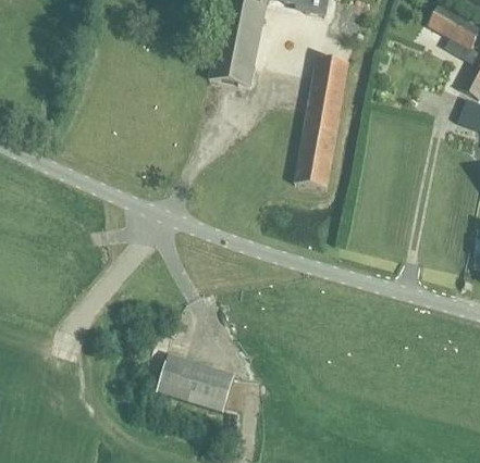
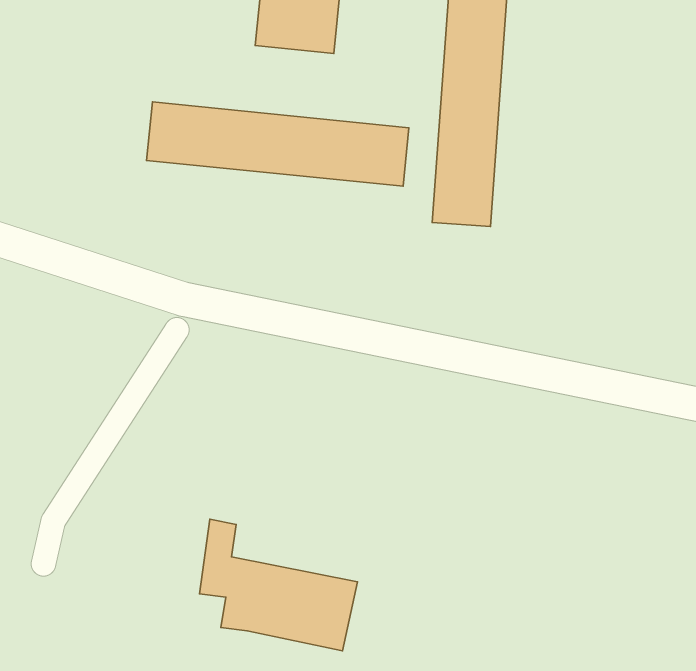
building: none -> [147,102,409,186]

